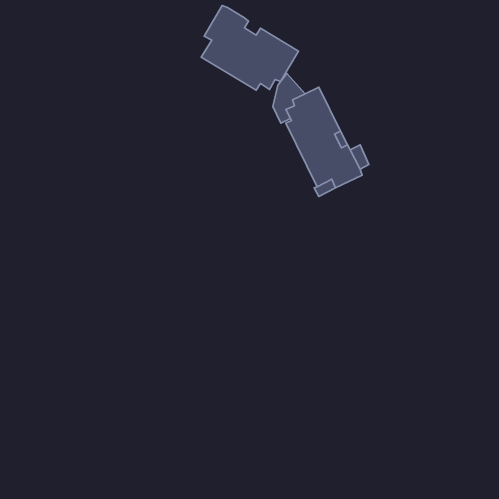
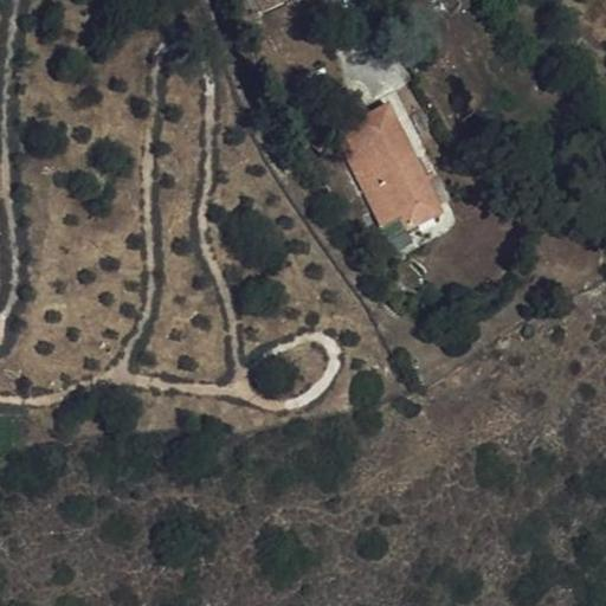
building: [201,6,299,90] -> none

